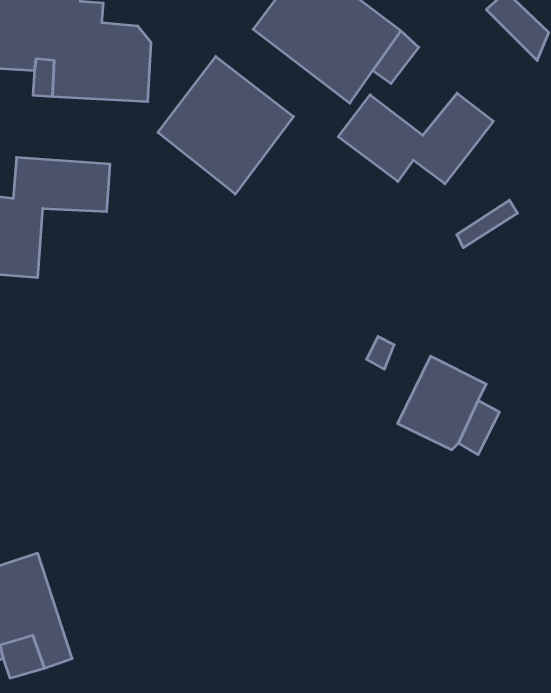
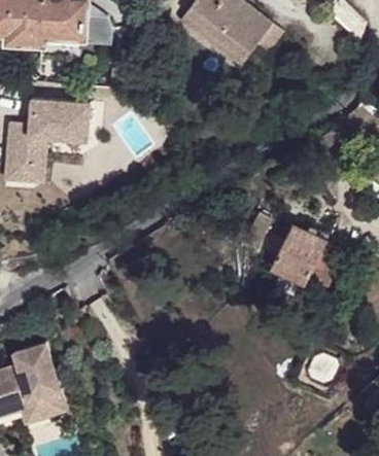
building: [158,56,294,194] -> none
building: [338,93,493,184] -> none

